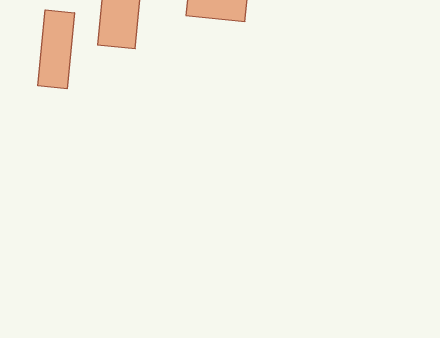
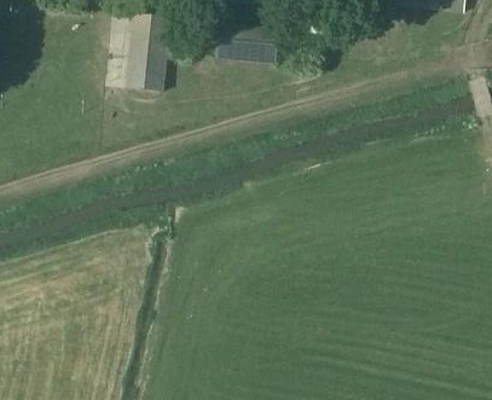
building: [38,10,74,89] -> none

